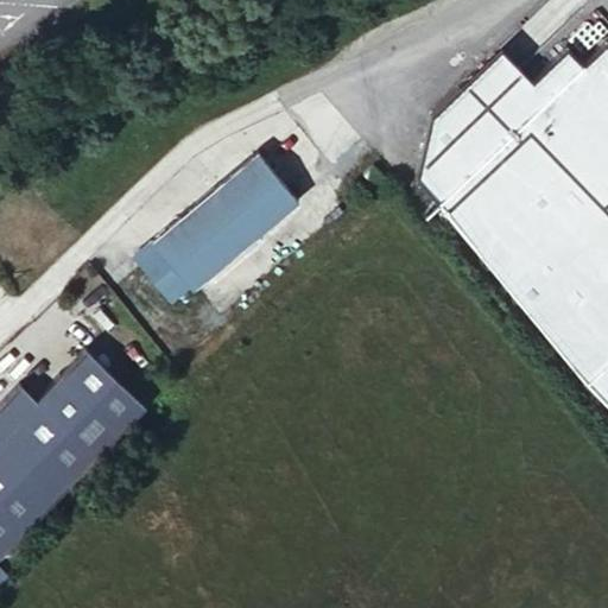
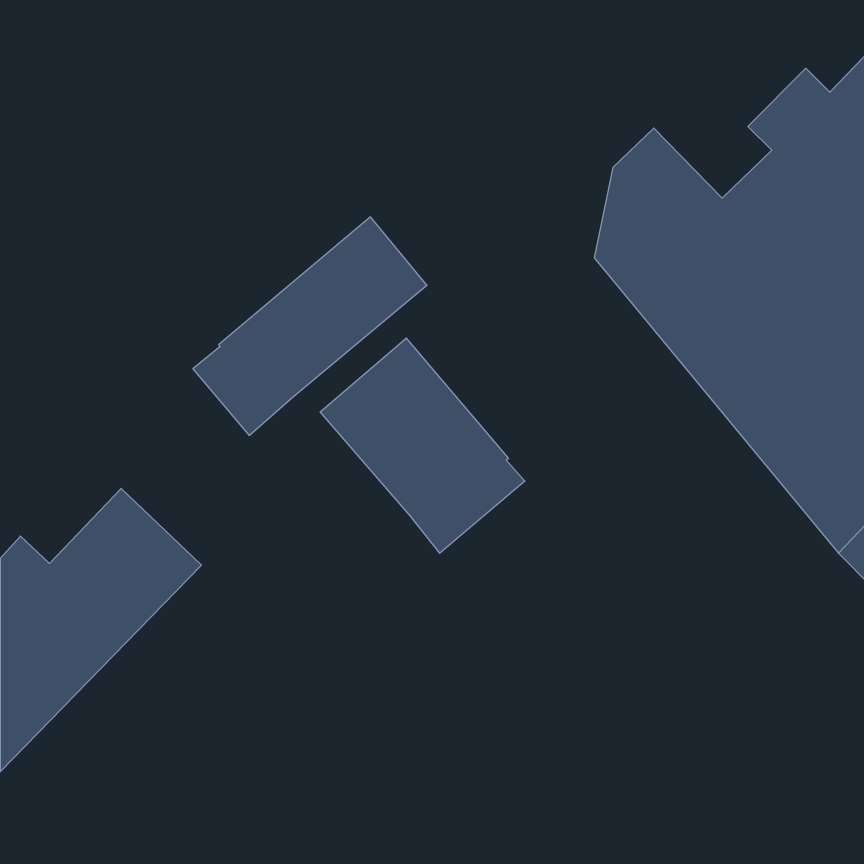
building: [461,62,543,144] -> none
building: none -> [320,338,525,553]

